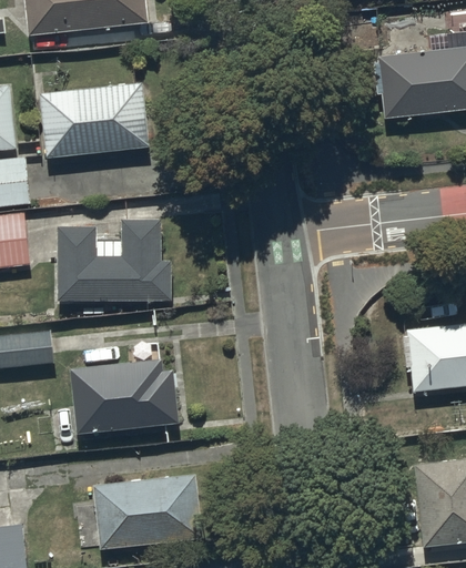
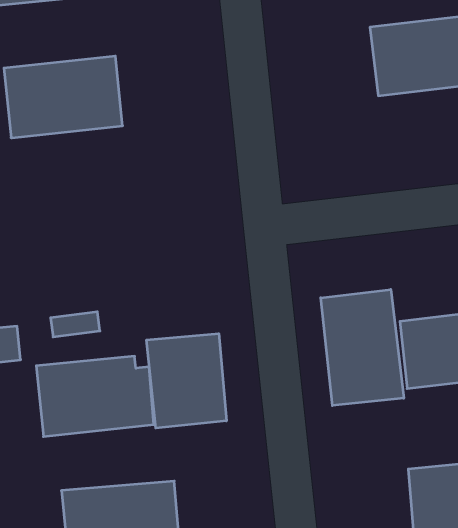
building: [58,225,171,307] -> none
building: none -> [321,289,404,406]
building: none -> [147,334,226,428]

